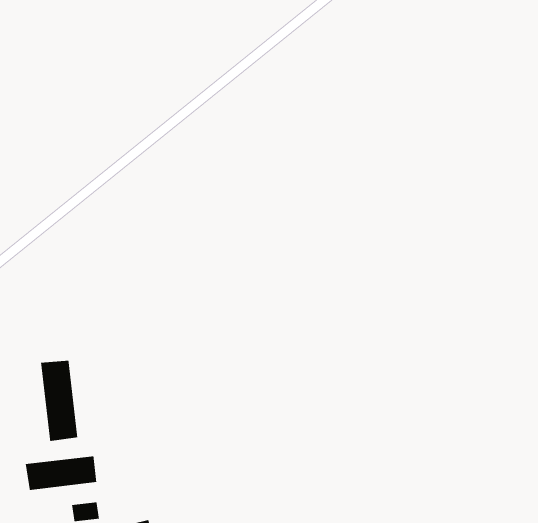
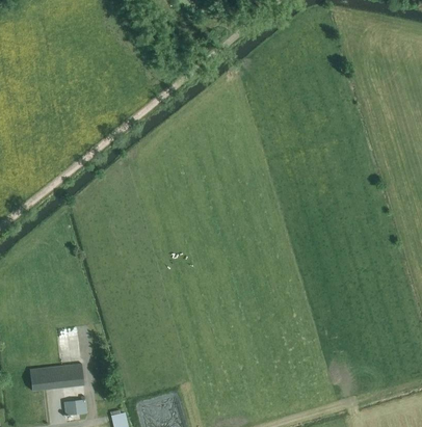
building: [40,360,78,442] -> none

